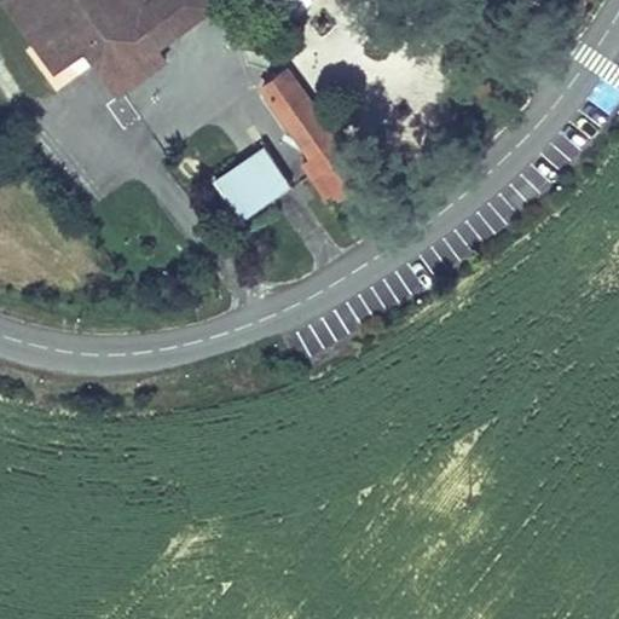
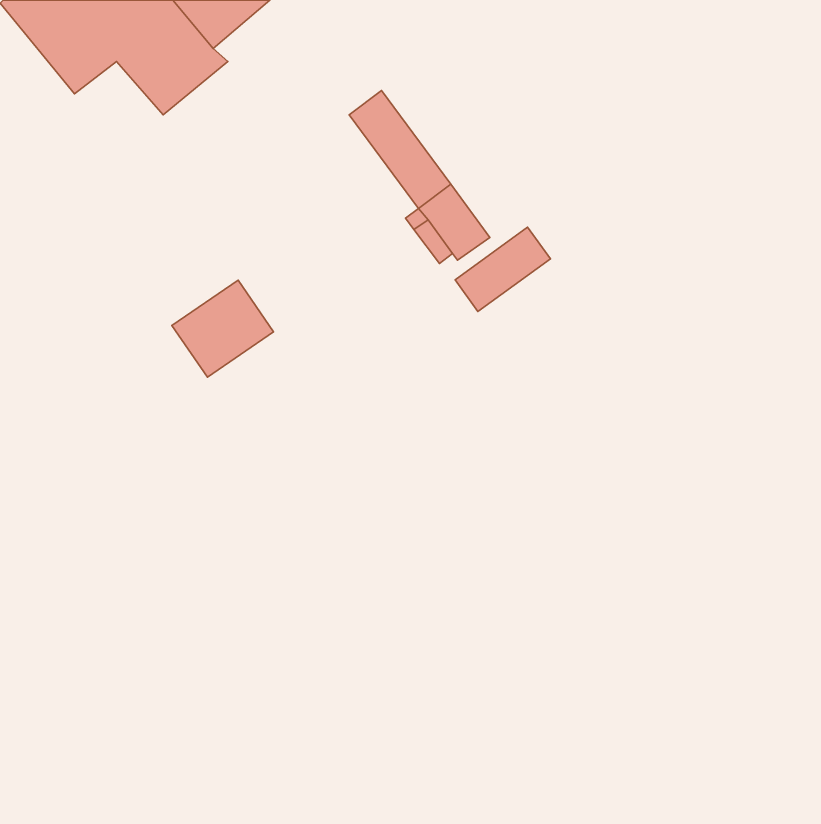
building: [210,145,287,218] -> [172,280,274,377]
building: none -> [455,227,550,312]

